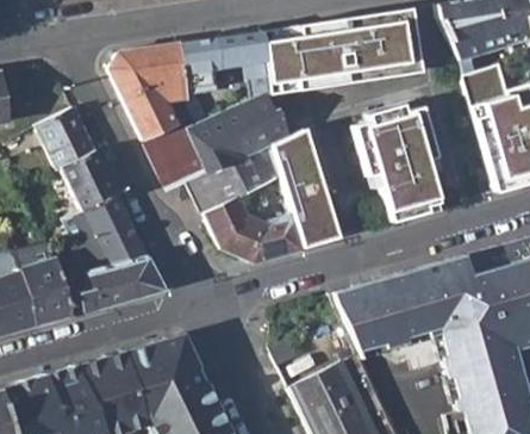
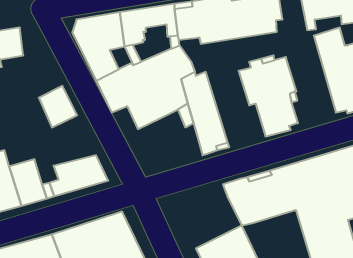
building: [38,107,96,169] -> none
building: [62,193,145,267] -> none
building: [206,198,300,264] -> none

